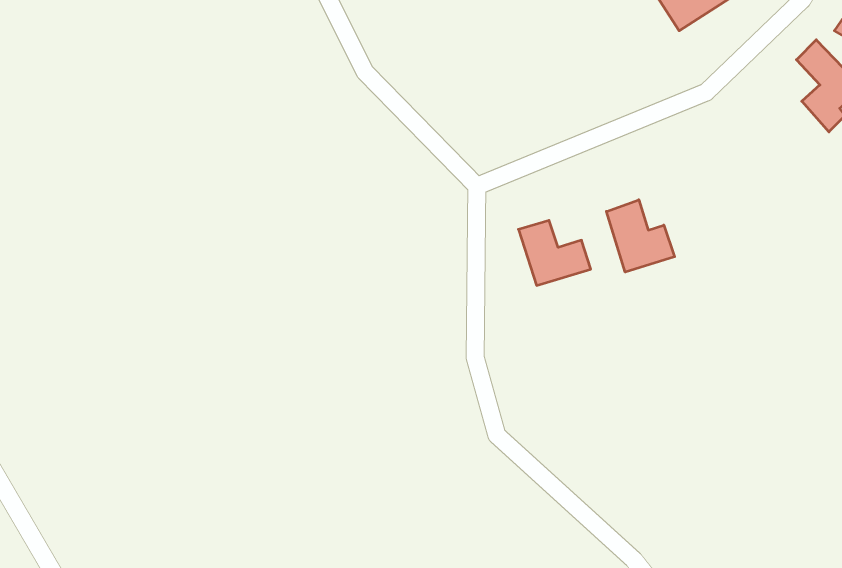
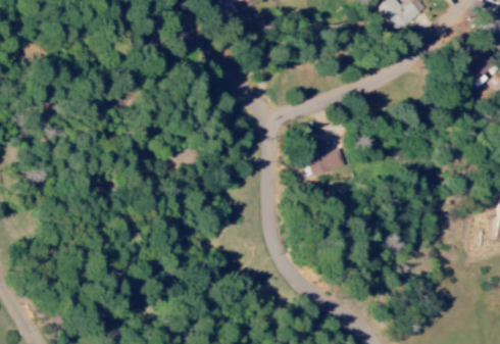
building: [606,200,675,272] -> none

